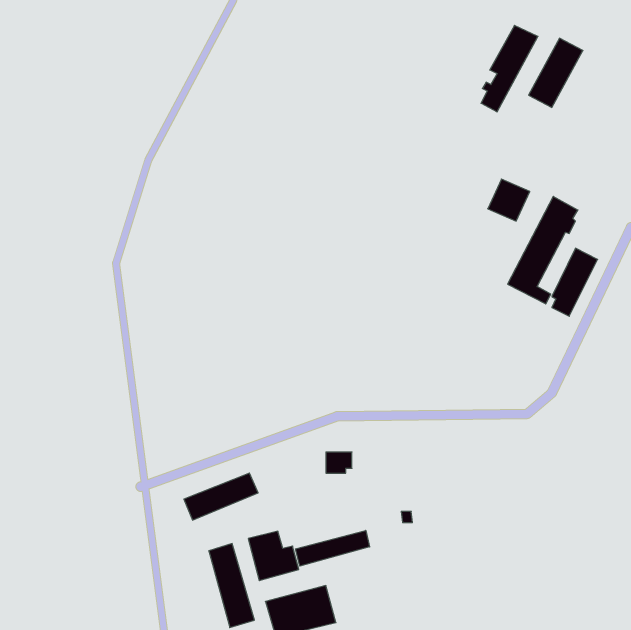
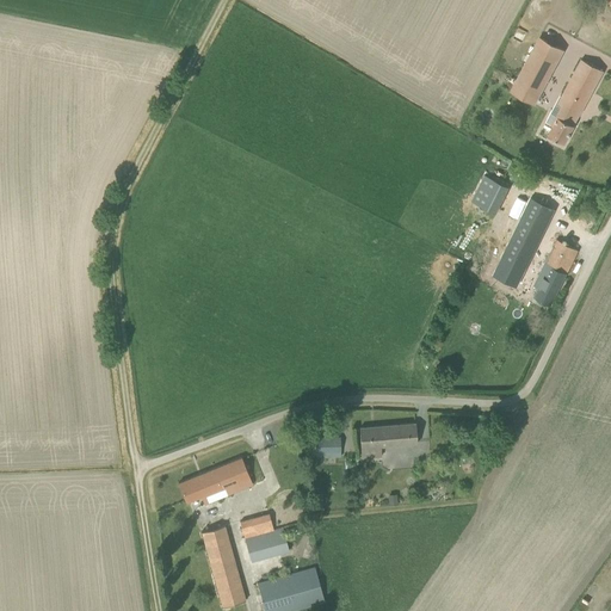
building: [481,25,538,112] -> [549,61,604,144]
building: none -> [359,424,418,449]
building: [295,530,370,566] -> none

